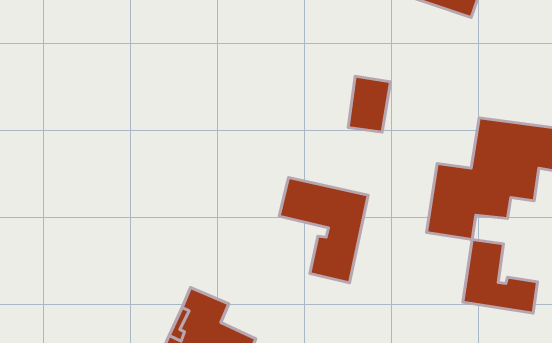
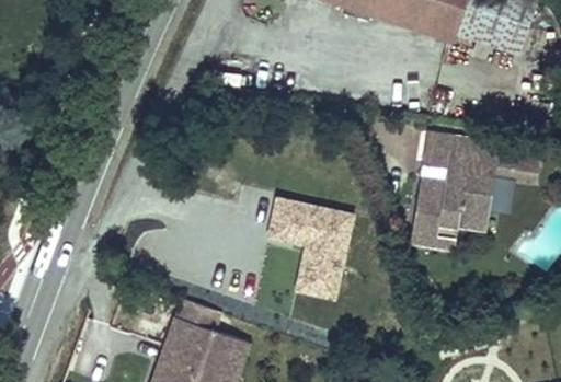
building: [348,76,390,132] -> [420,134,459,186]
building: [463,240,537,313] -> none

